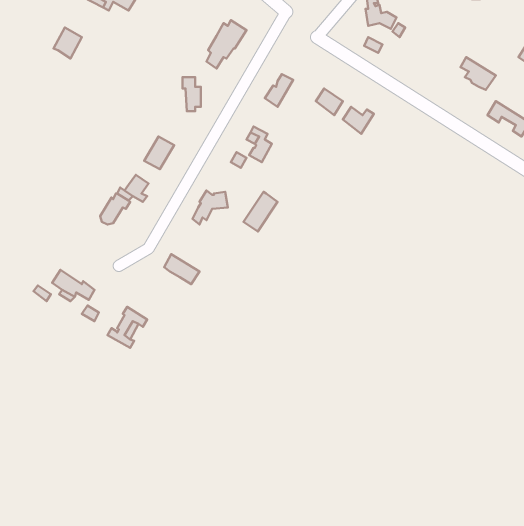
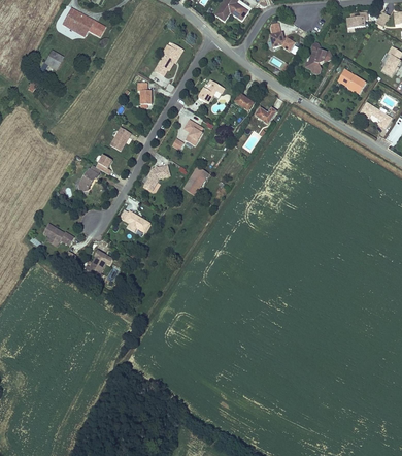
building: none -> [306,41,332,71]

